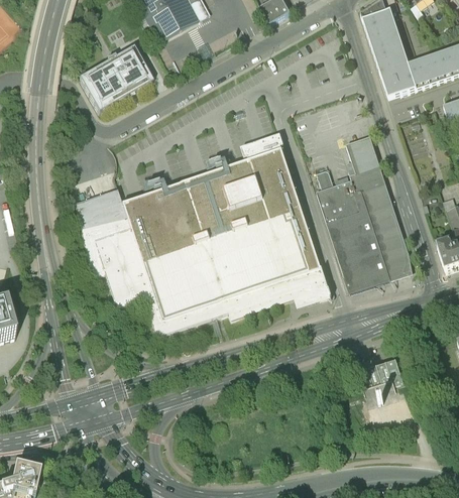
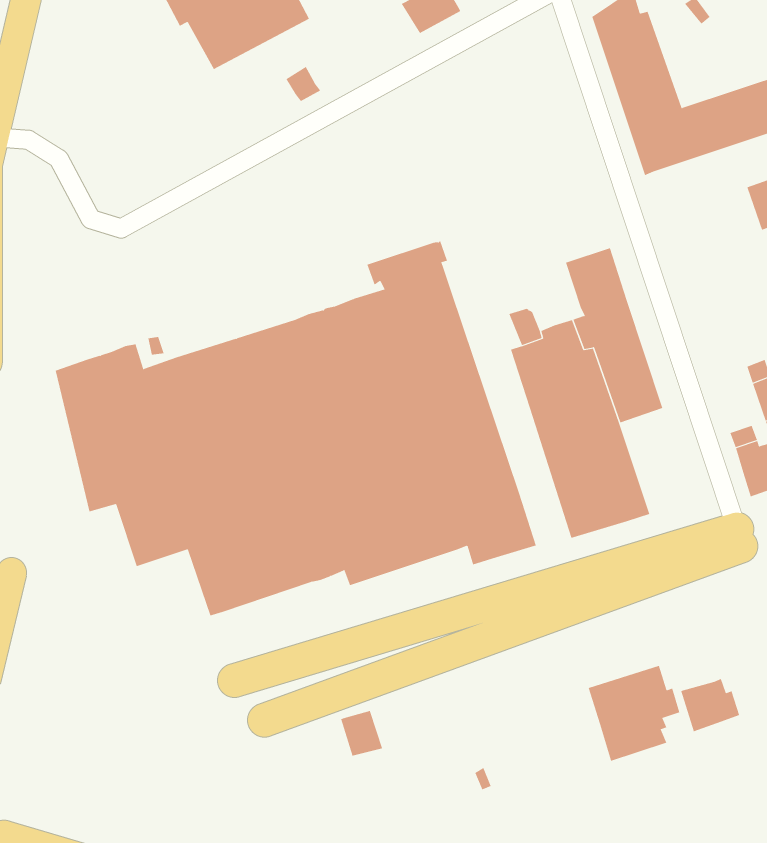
building: [79,45,152,111] -> none
building: [375,222,413,278] -> none
building: none -> [680,678,740,732]
building: none -> [340,710,383,756]

